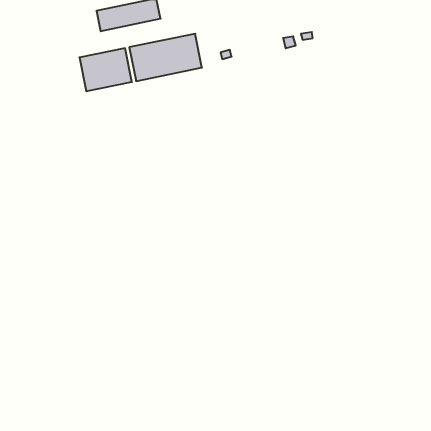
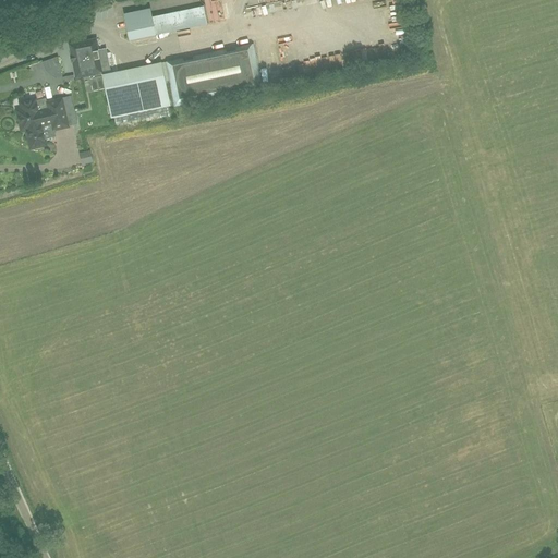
building: none -> [71,39,104,77]
building: none -> [15,98,70,148]

